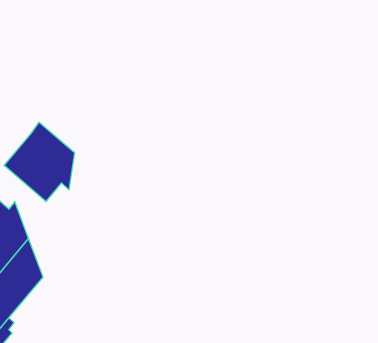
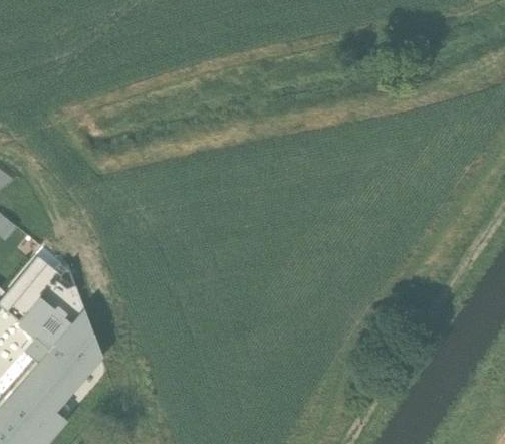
building: [4,122,75,202] -> none

